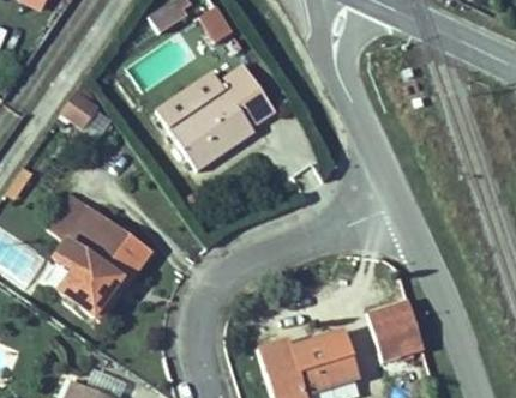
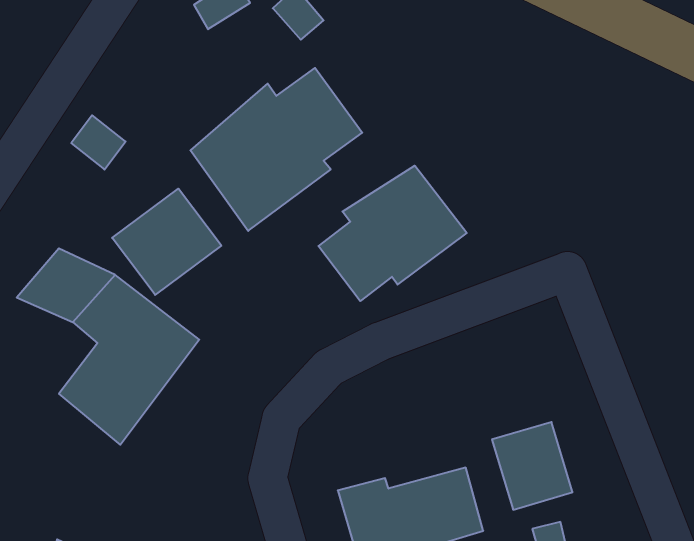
building: none -> [318,166,467,301]
building: none -> [112,189,221,295]

